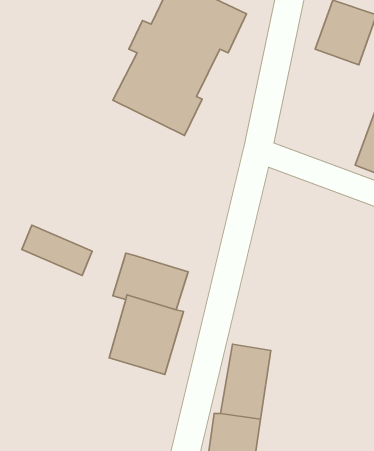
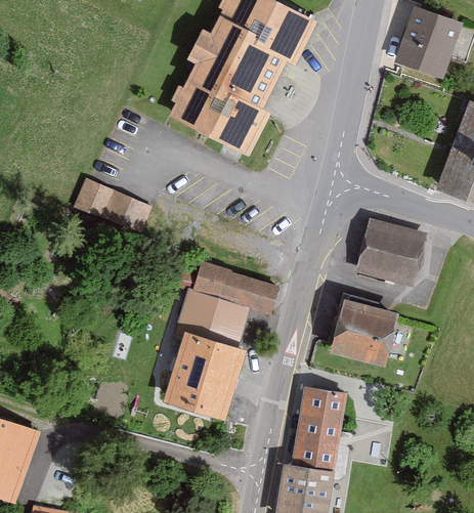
building: none -> [357,220,424,282]
building: [22,225,92,275] -> [71,177,148,232]
building: none -> [192,260,278,311]
building: none -> [332,301,397,366]

